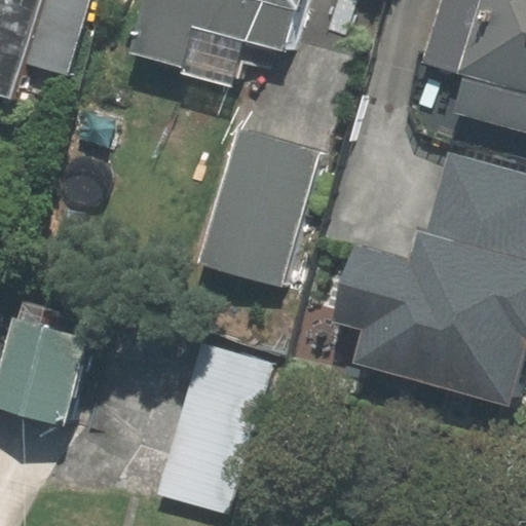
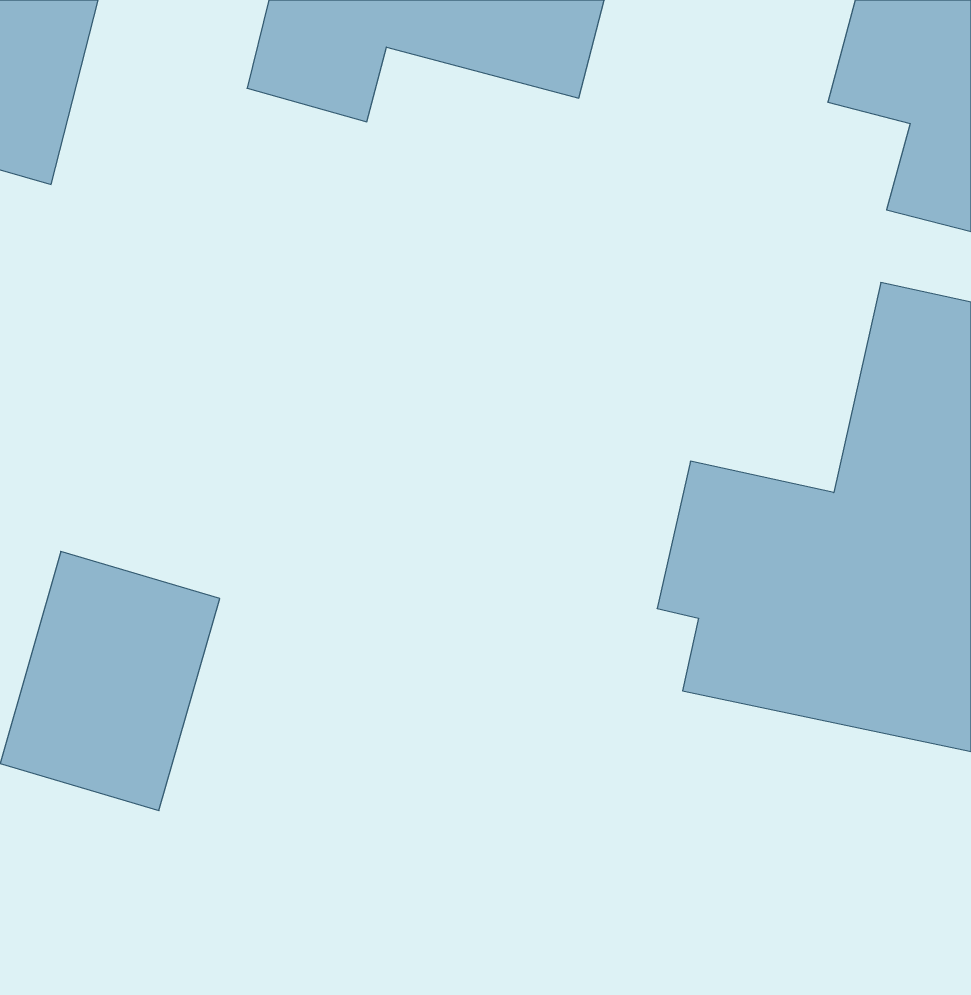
building: [200,129,324,289] -> none
building: [162,338,280,518] -> none

